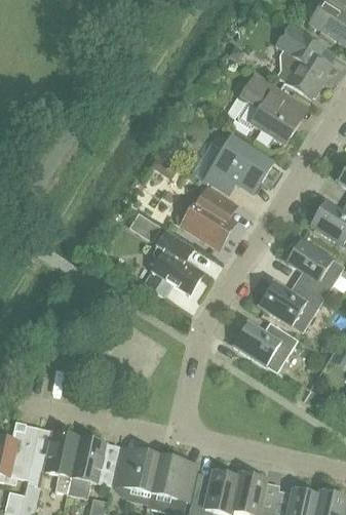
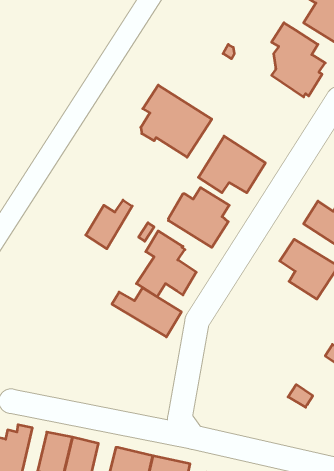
building: [238,71,309,143] -> [141,85,212,157]
building: none -> [86,200,132,249]
building: [259,280,323,331] -> none
building: none -> [112,288,181,337]
building: [233,320,298,371] -> none

